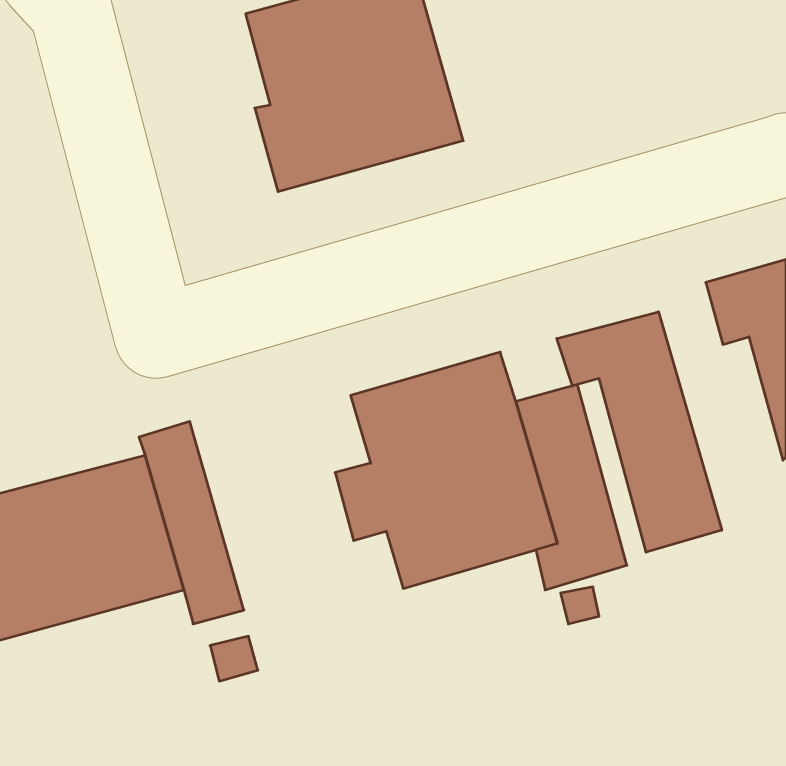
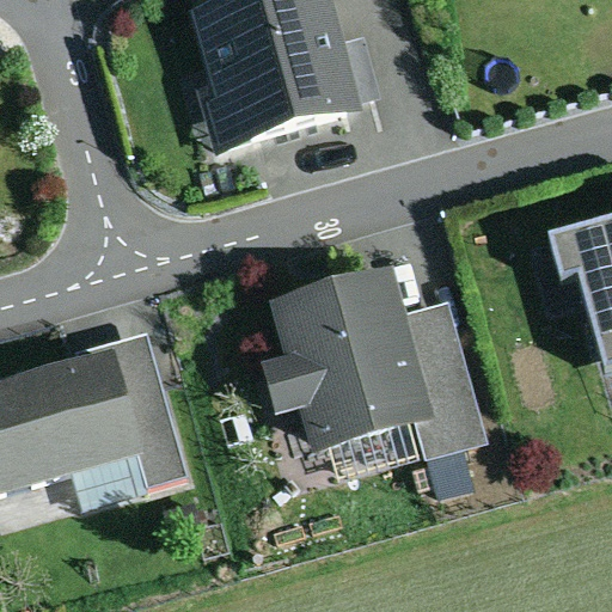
building: [557,312,722,552] -> none

